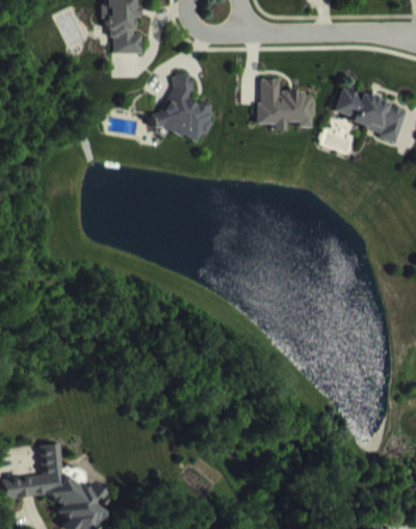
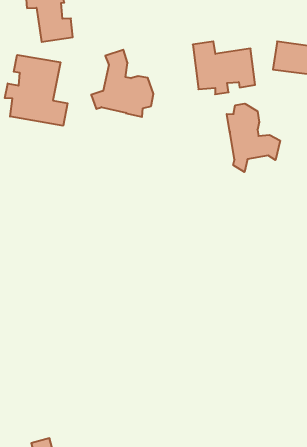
building: none -> [5,55,68,126]
building: none -> [227,104,280,172]

